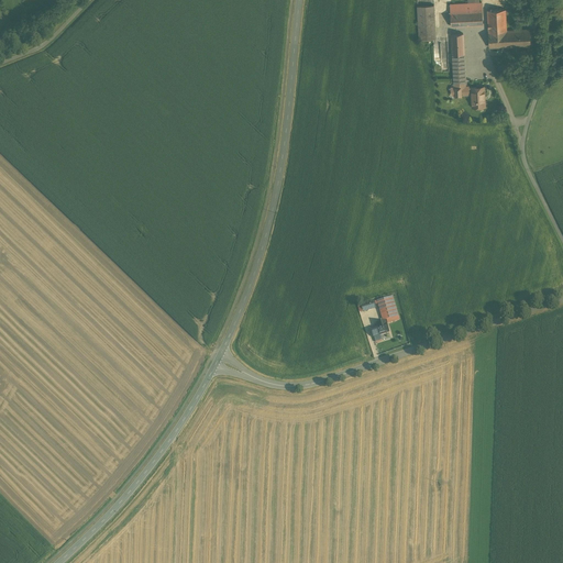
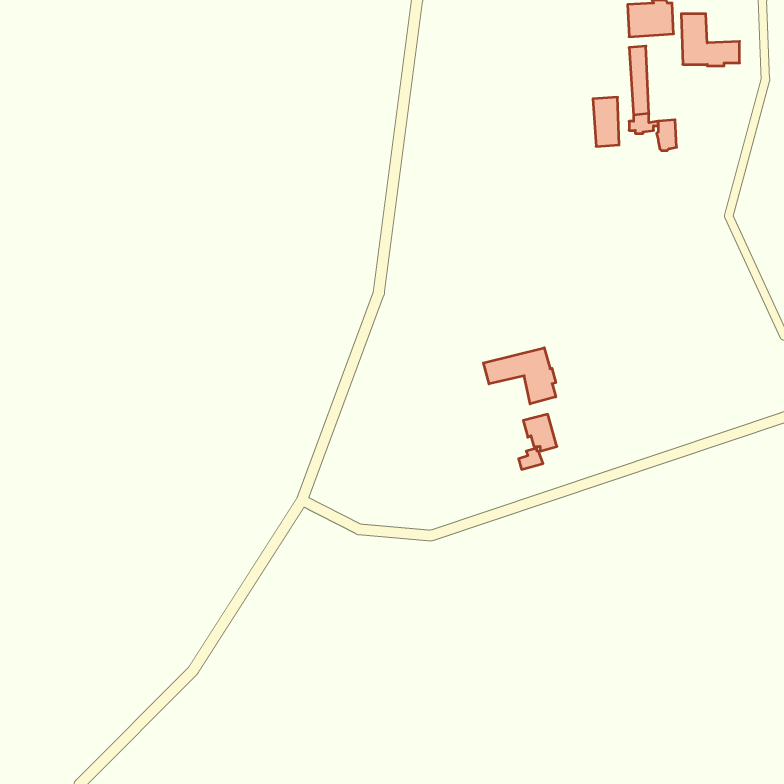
building: [417,4,435,40] -> [593,97,619,146]
building: none -> [483,348,556,404]

